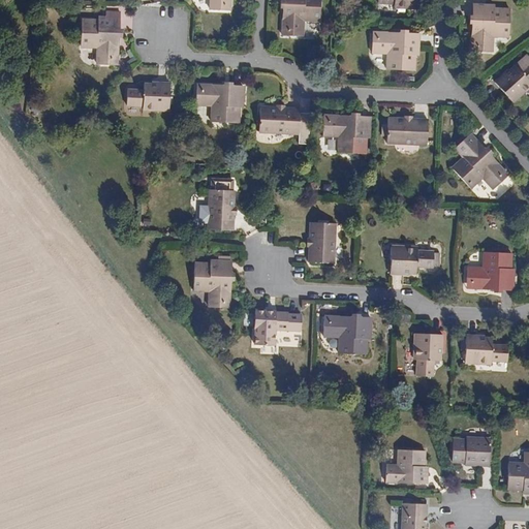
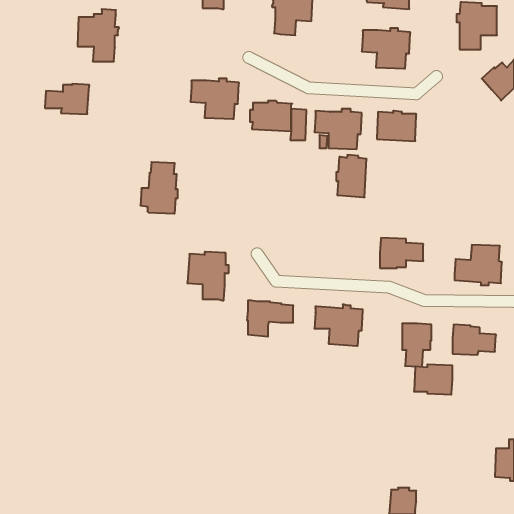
building: [125,81,170,112] -> [45,84,89,114]
building: [450,132,508,189] -> none
building: [198,178,237,230] -> [140,162,178,213]
building: [306,219,337,262] -> [336,155,367,197]
building: [452,435,491,466] -> [414,364,452,395]
building: [385,449,428,485] -> none

